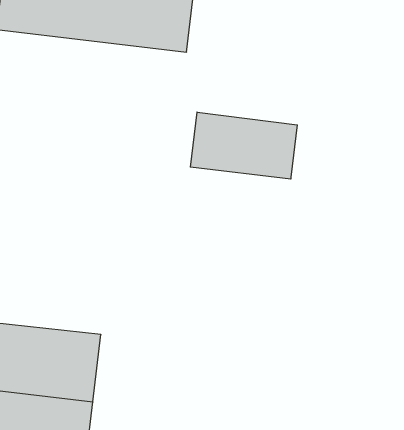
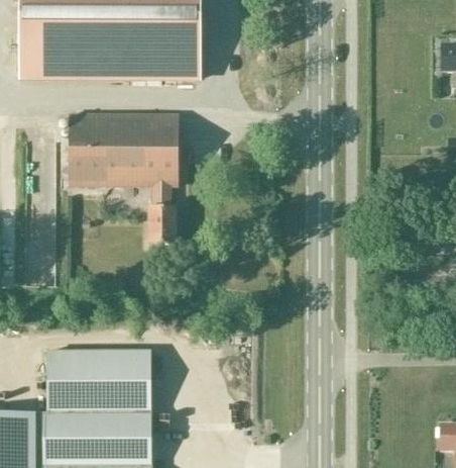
building: none -> [70,114,178,243]
building: [190,112,297,179] -> none

